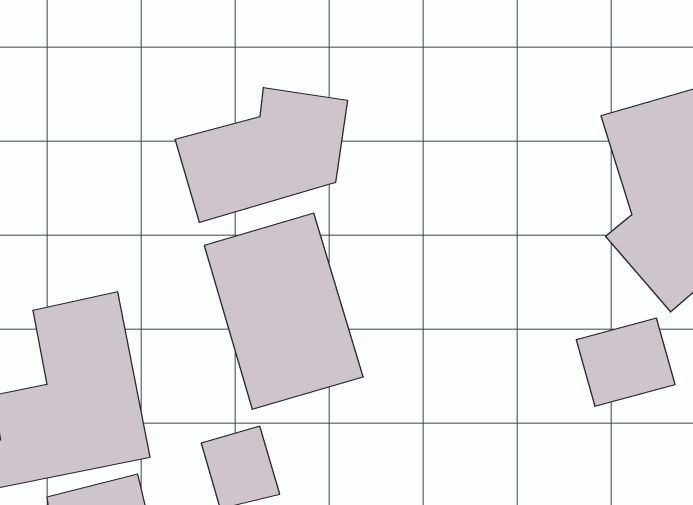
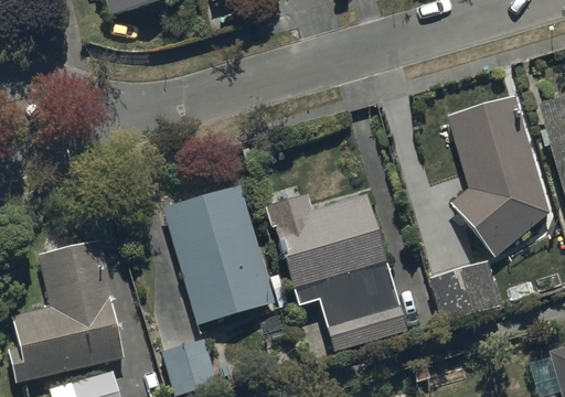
building: [175,87,347,222] -> none
building: none -> [266,192,408,353]

